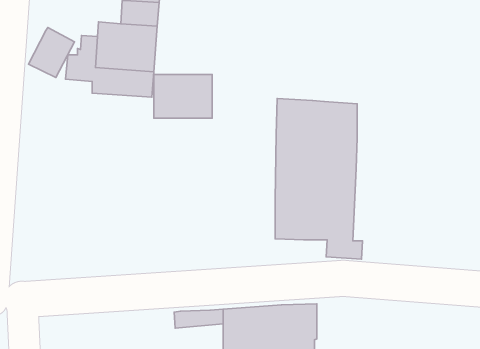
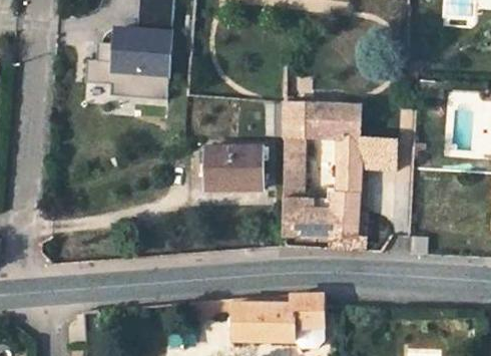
building: [29,27,75,78] -> none
building: [154,74,212,118] -> [207,147,263,189]
building: none -> [360,138,399,168]

